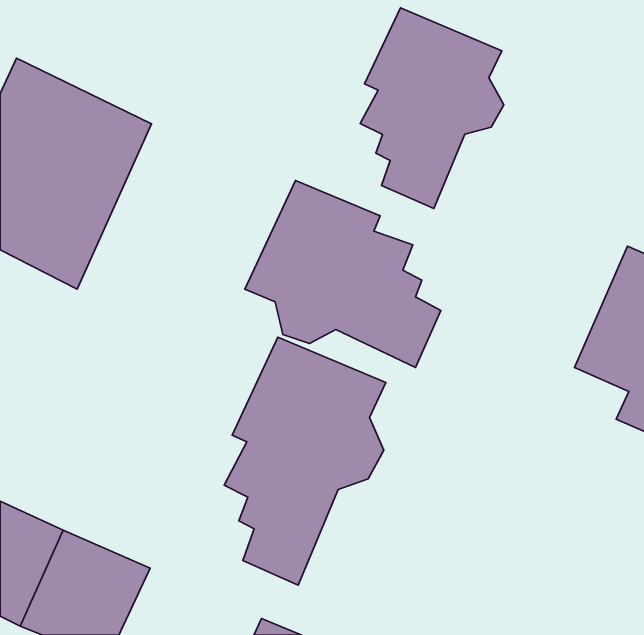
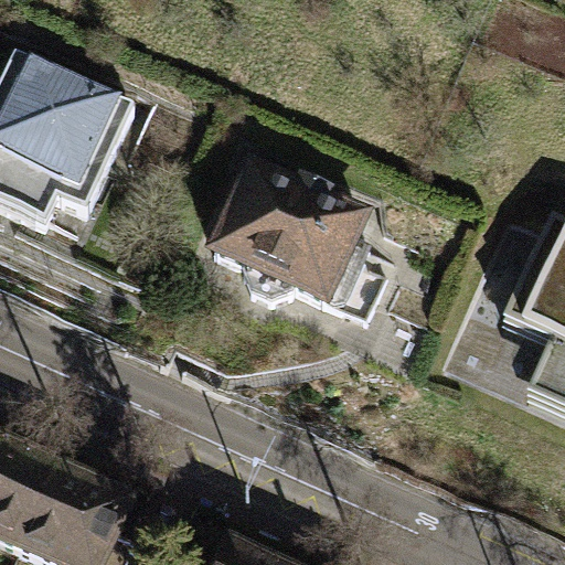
building: [360,8,504,209] -> none
building: [224,337,386,585] -> none

